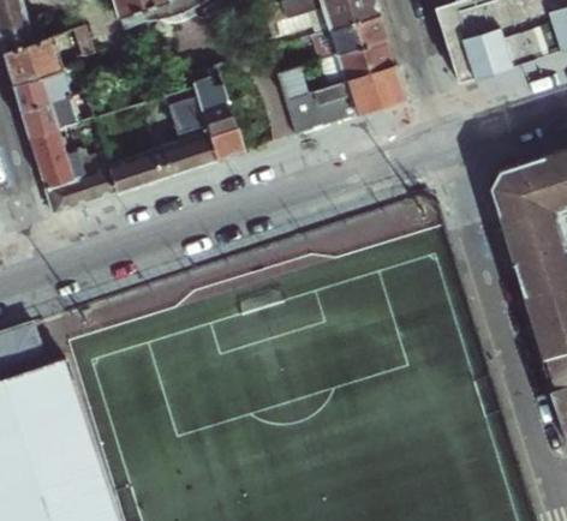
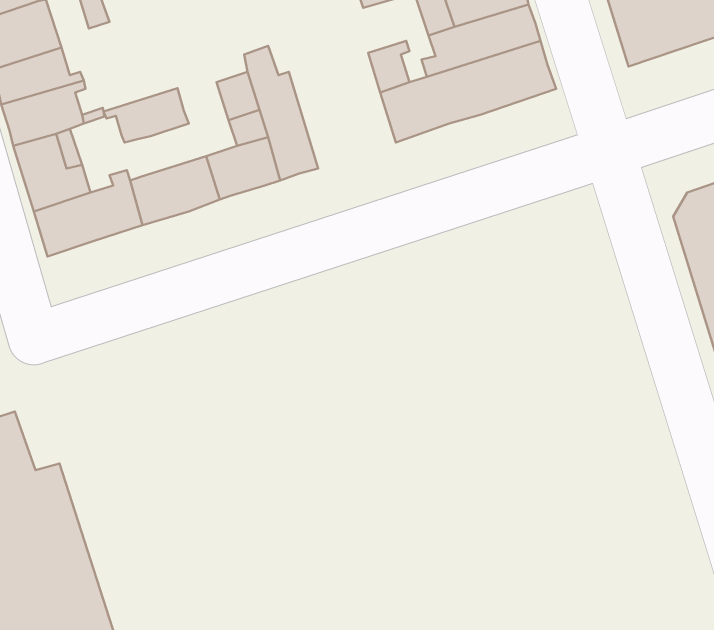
building: none -> [103,88,189,142]

